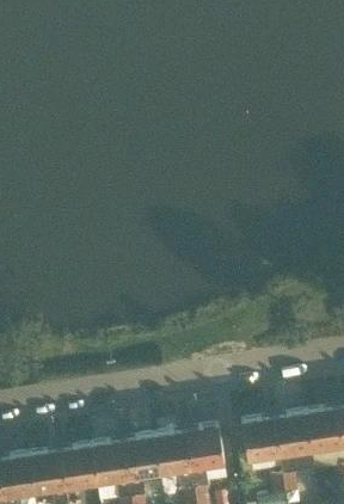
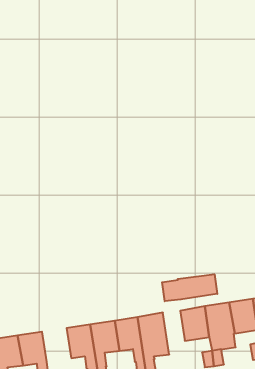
building: none -> [162,274,217,301]
building: [60,447,98,491] -> none

